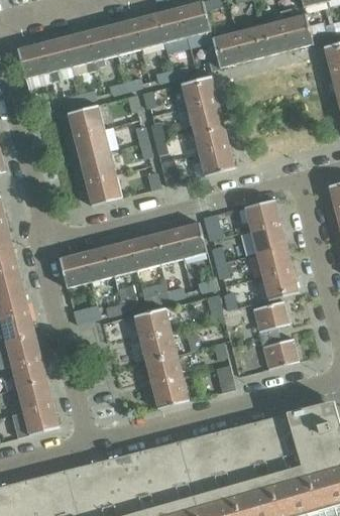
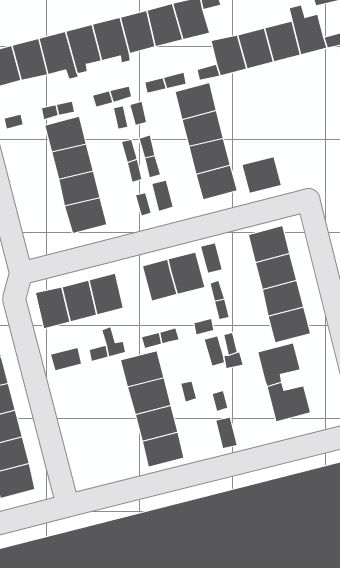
building: none -> [242,157,281,193]
building: [129,234,160,270] -> none

